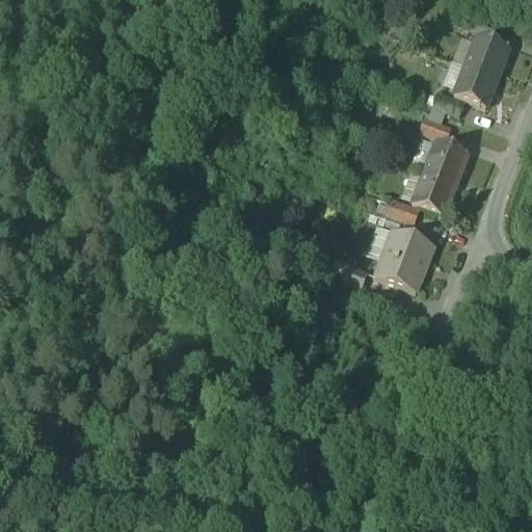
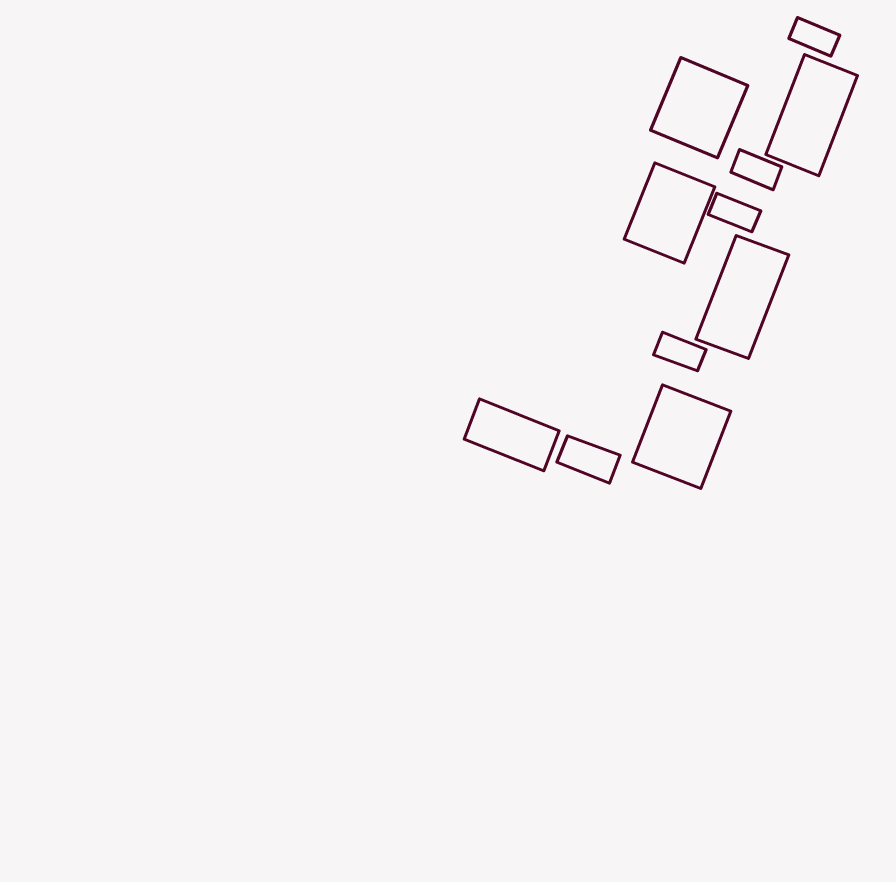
building: none -> [651,58,748,158]
building: none -> [624,163,715,263]
building: none -> [464,399,559,471]

